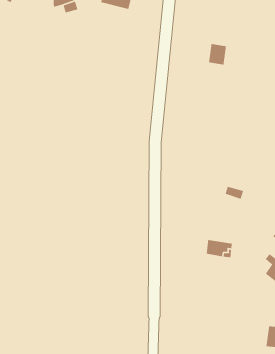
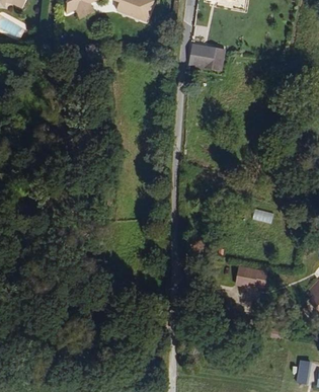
building: [208,43,227,66] -> [200,51,220,75]

